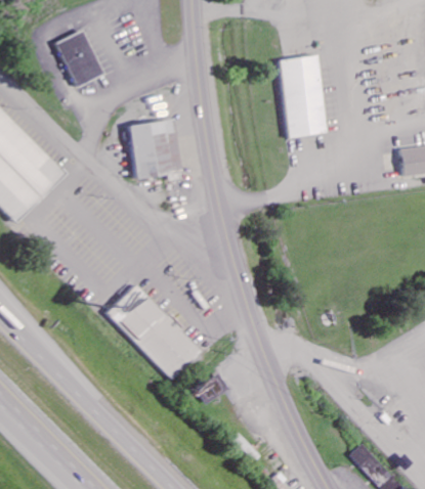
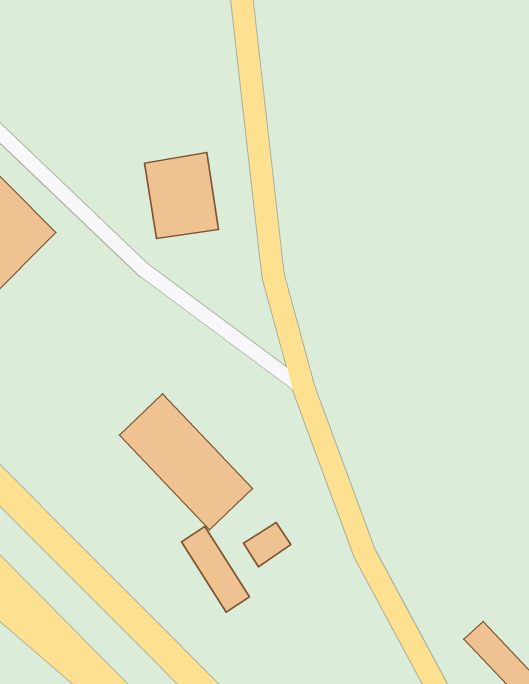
building: [54,31,100,87] -> none
building: [278,55,326,138] -> none
building: none -> [181,527,249,612]

